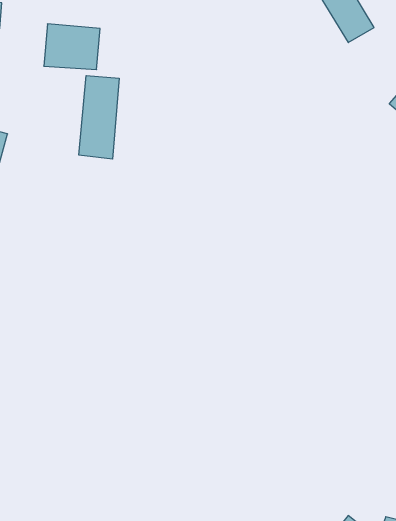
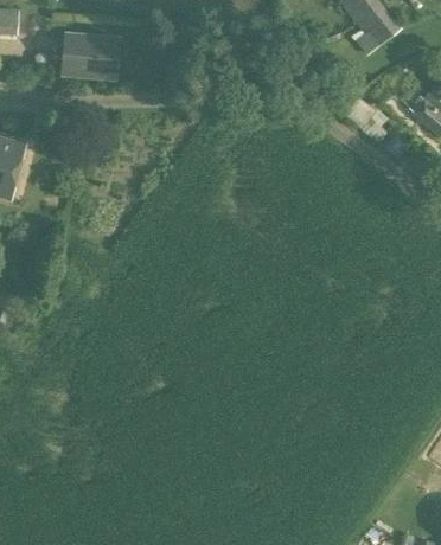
building: [79,76,119,159] -> none

